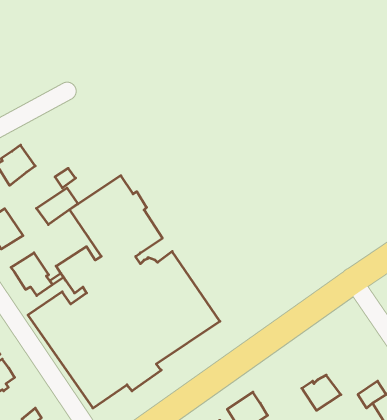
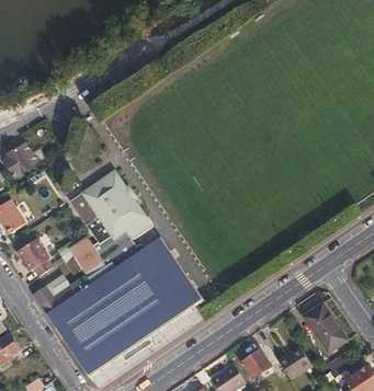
building: [36,188,78,225] -> none
building: none -> [303,302,347,353]
building: none -> [240,344,277,379]

